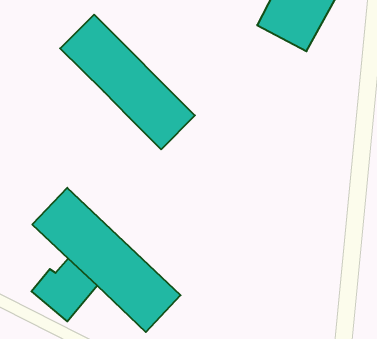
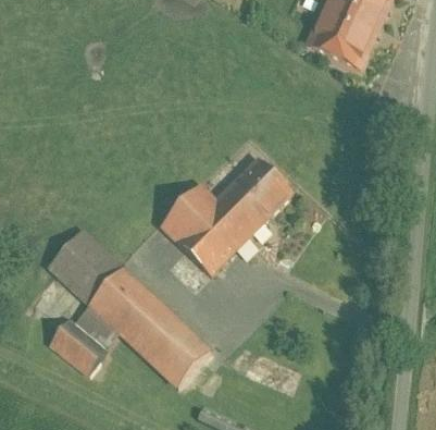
building: [60,15,195,149] -> none
building: none -> [157,150,300,278]

